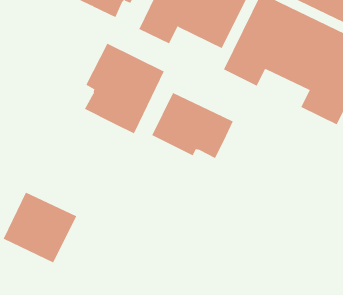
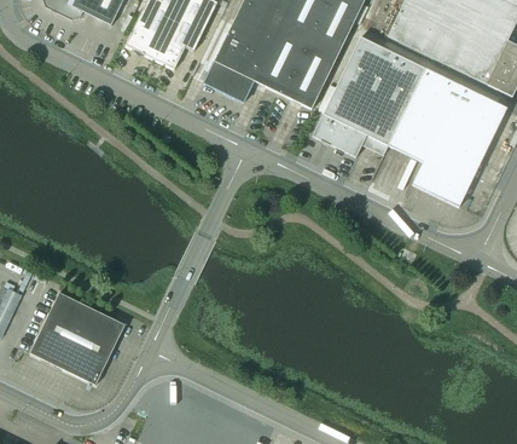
building: [84,43,164,134] -> none
building: [152,92,234,159] -> none

